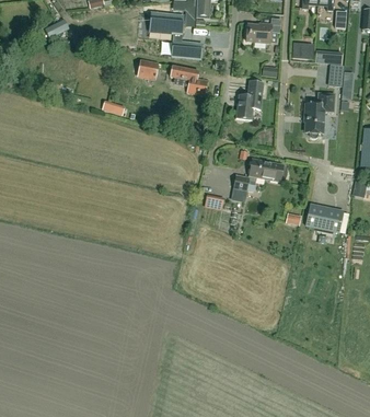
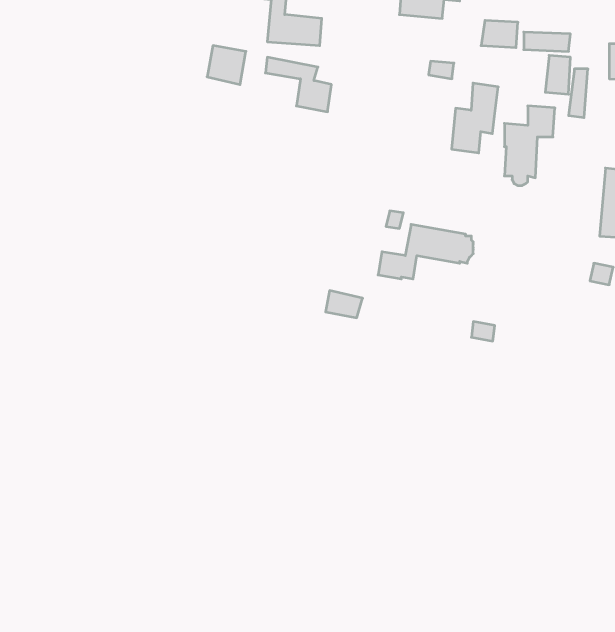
building: [236,80,263,119] -> [452,83,498,153]
building: [305,202,344,232] -> none

